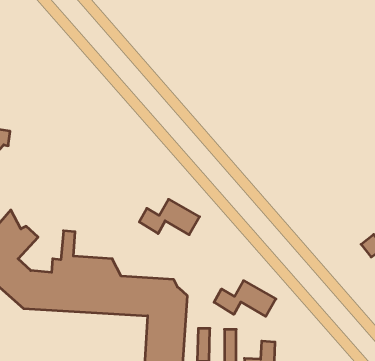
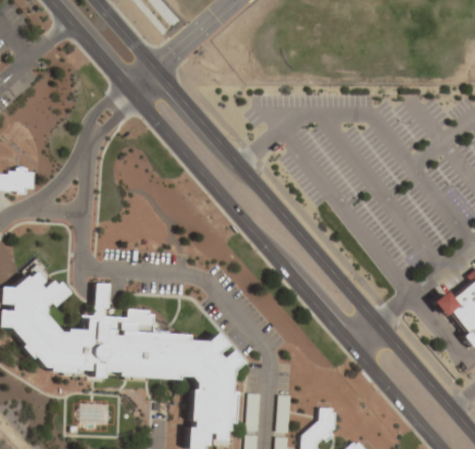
building: [139,199,200,235] -> none
building: [214,281,276,316] -> none

